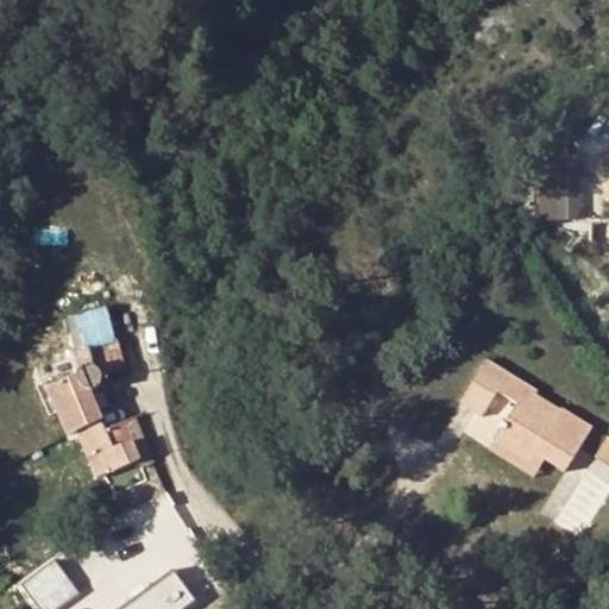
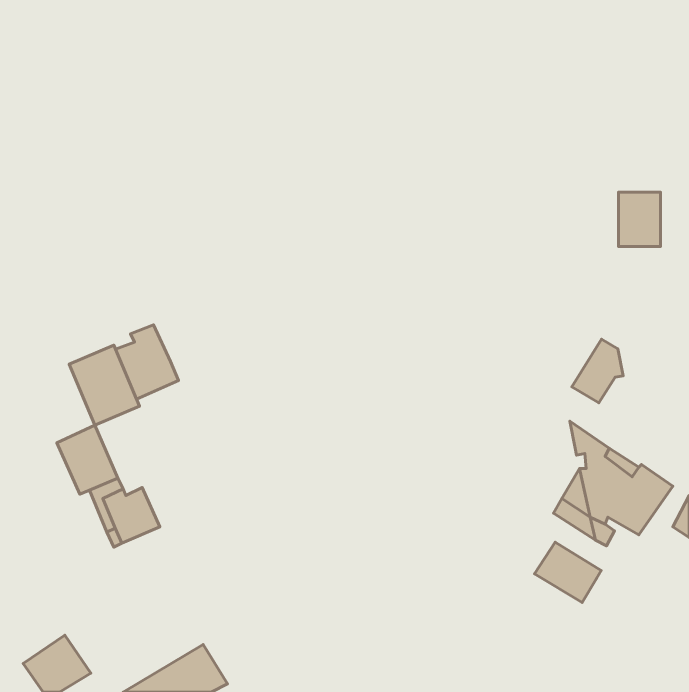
building: none -> [115,325,178,399]
building: [460,362,506,417] -> [572,339,623,403]
building: none -> [535,542,601,603]

